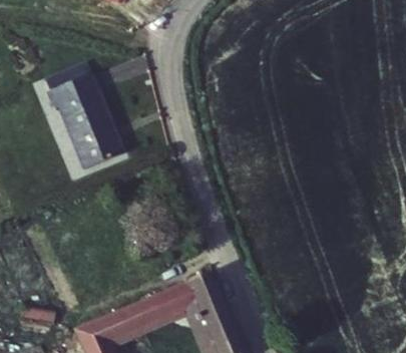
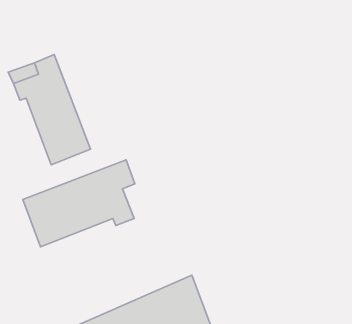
building: none -> [23,160,135,247]

